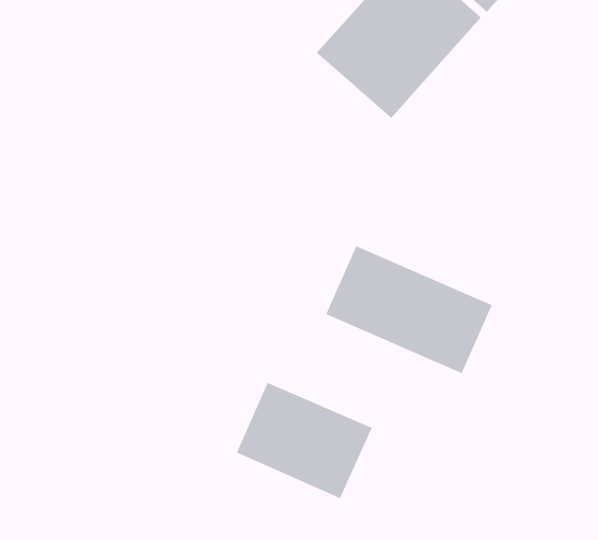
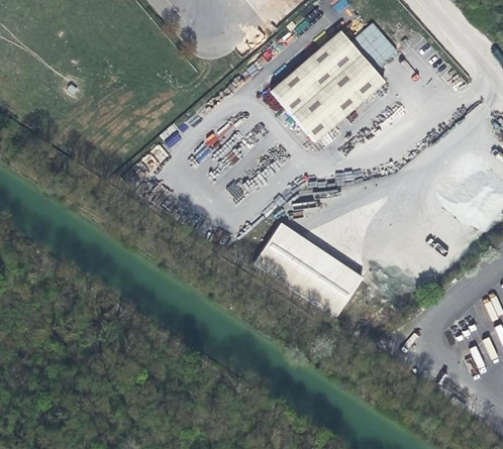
building: [236,382,373,499] -> none

